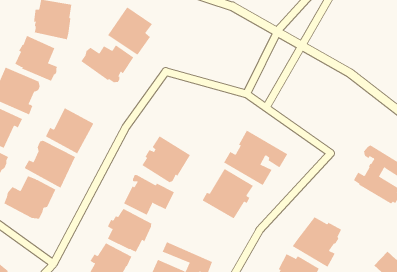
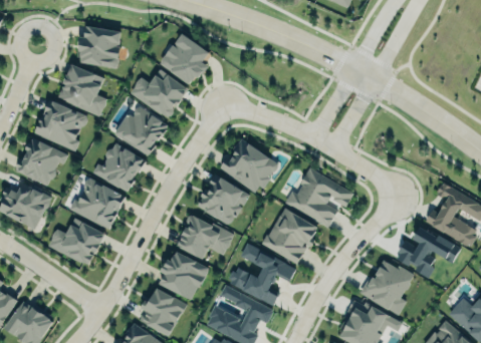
building: none -> [114,105,168,155]
building: none -> [220,138,278,192]
building: none -> [394,226,460,279]
building: none -> [228,245,296,304]

